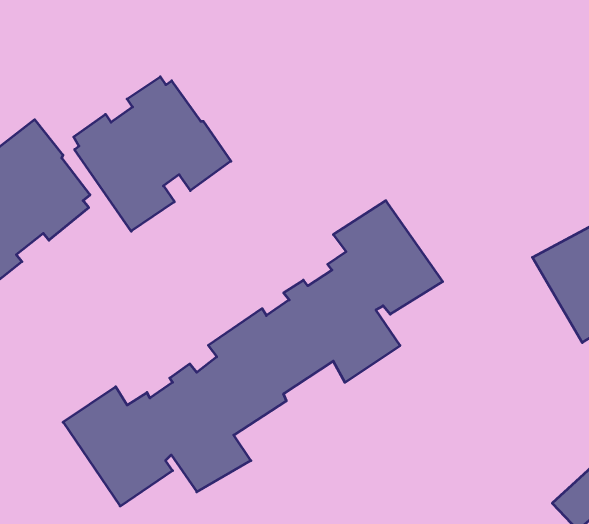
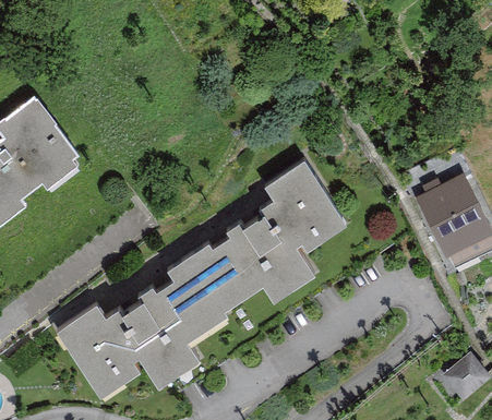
building: [74,77,231,231] -> none

